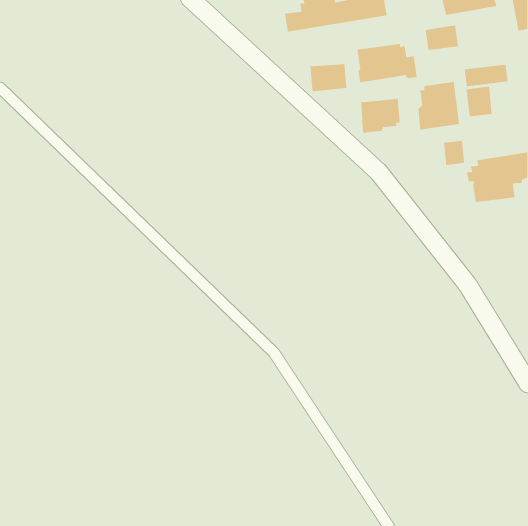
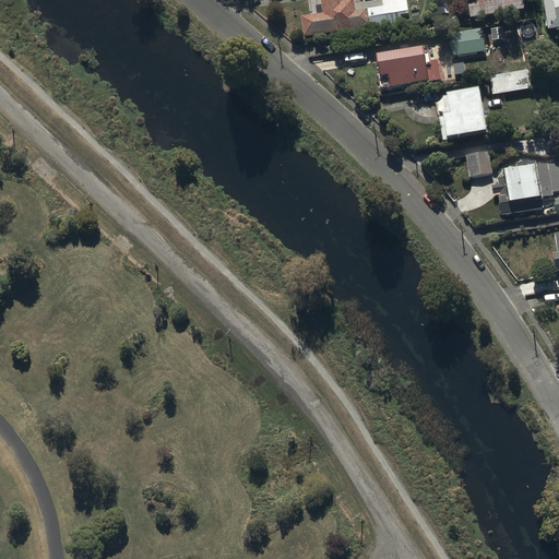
building: [310,64,347,92] -> none
building: [466,86,492,117] -> none
building: [361,98,400,134] -> none

